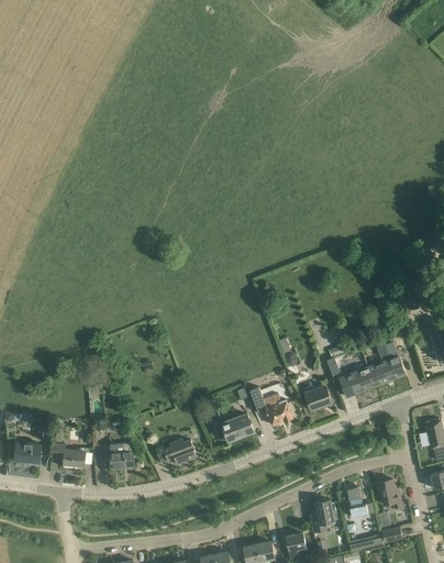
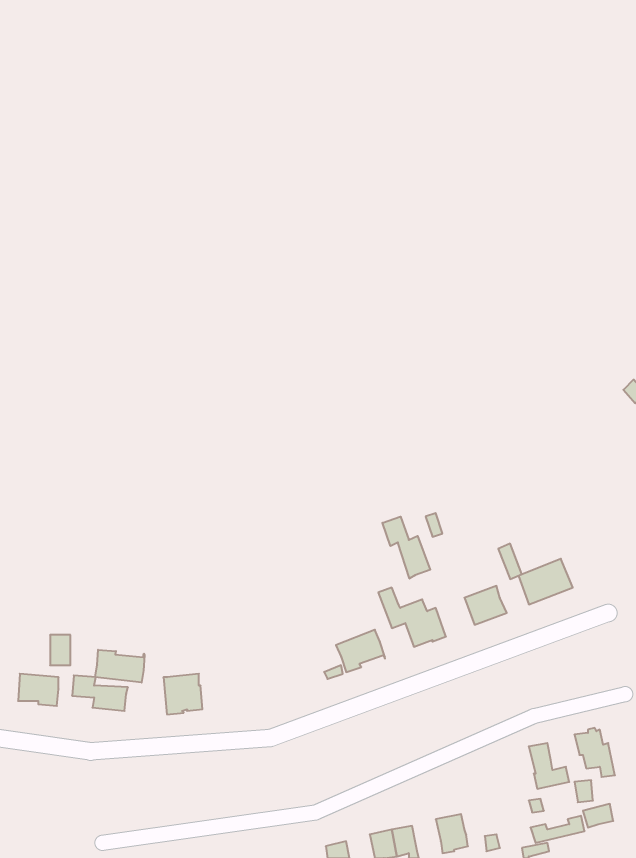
building: none -> [382,517,430,579]
building: [367,342,404,386] -> none
building: none -> [95,650,144,683]
building: [155,439,196,464] -> none
building: [309,499,336,532] -> none

